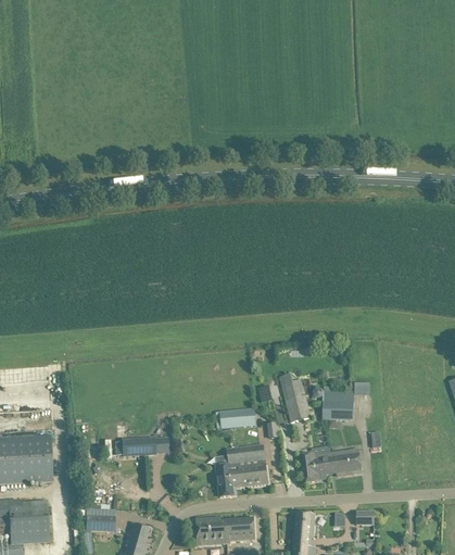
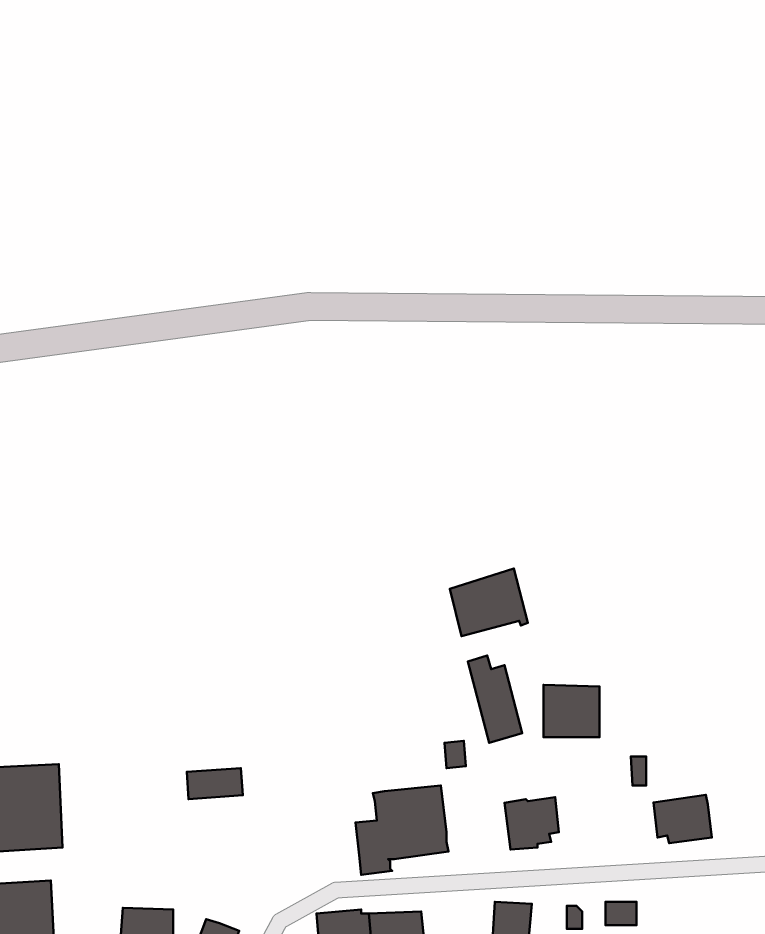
building: none -> [450,569,528,636]
building: [220,406,254,426] -> none
building: [329,447,362,475] -> [654,795,712,843]

